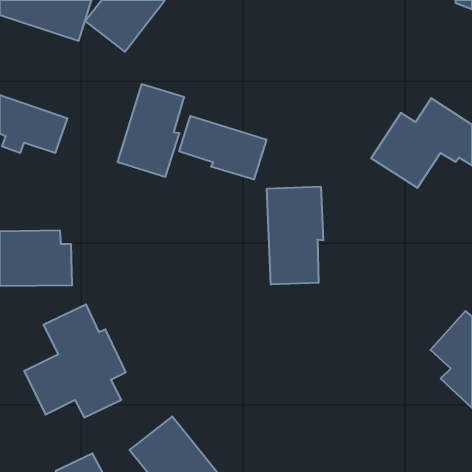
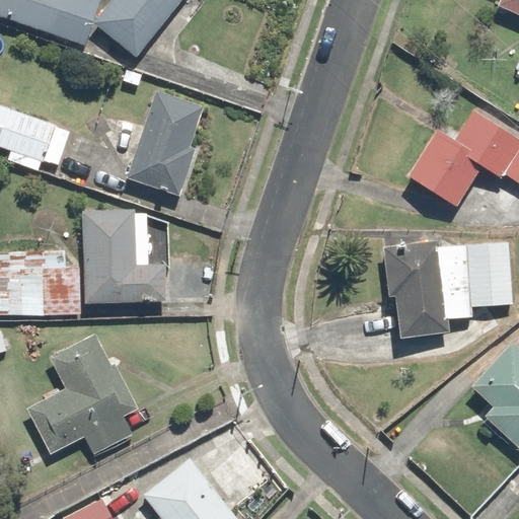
building: [179,116,266,180] -> none
building: [267,187,323,285] -> none
building: none -> [85,210,168,300]
building: none -> [386,241,512,338]

